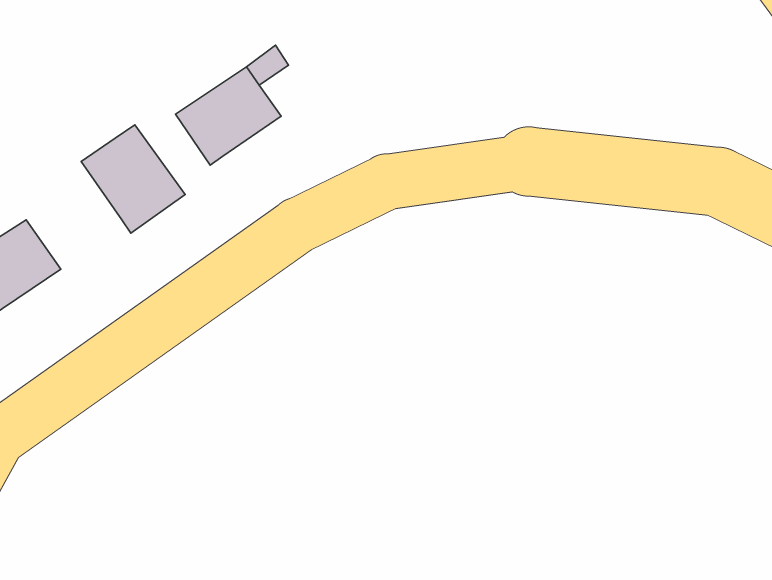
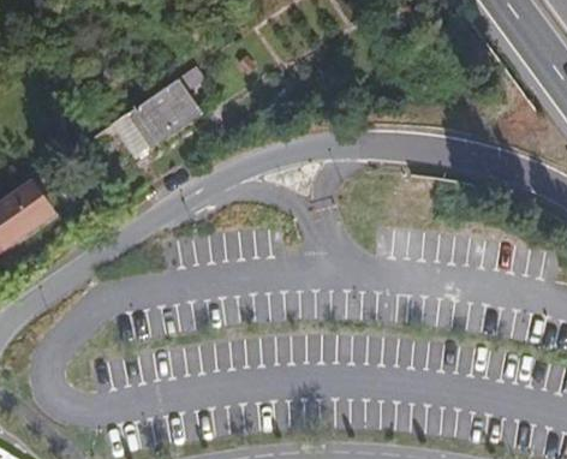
building: [81,125,185,233] -> none

